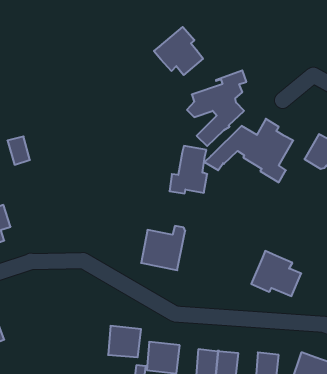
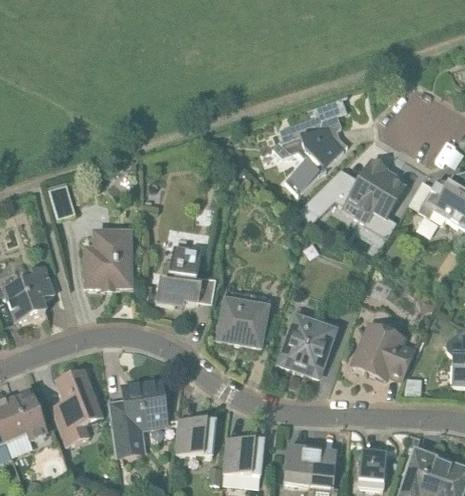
building: [154,27,203,75] -> none
building: [169,146,207,193] -> [156,245,203,304]
building: none -> [85,231,131,290]
building: none -> [279,316,335,376]
building: none -> [52,370,102,444]
building: none -> [109,381,167,457]

